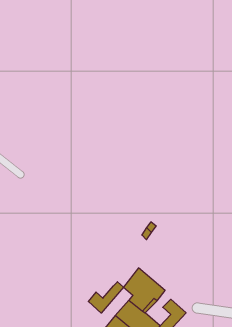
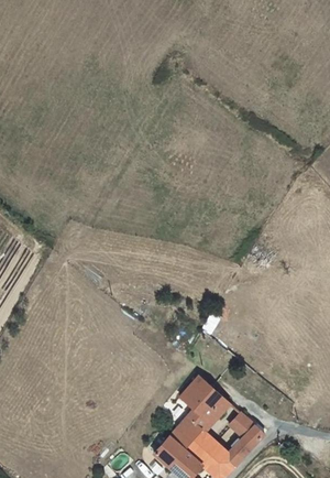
building: [88,282,123,313] -> none

